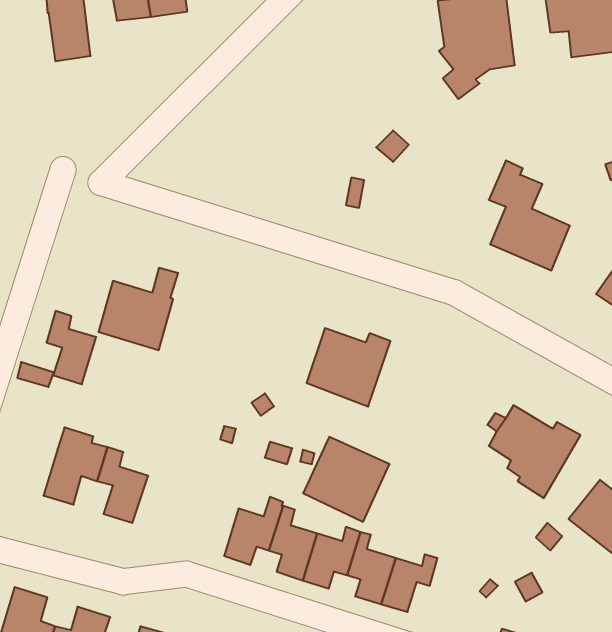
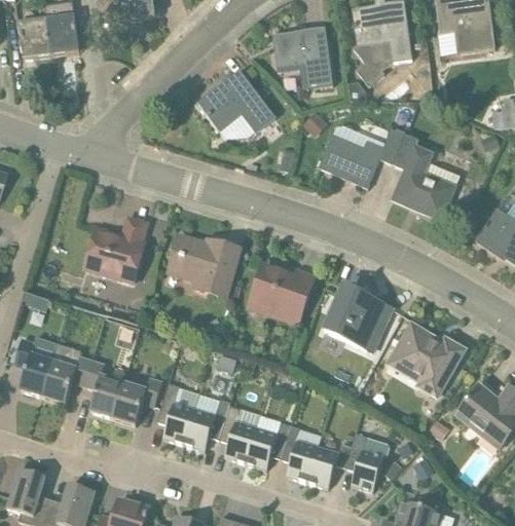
building: none -> [19,16,51,59]
building: none -> [272,27,333,87]
building: none -> [198,70,275,132]
building: none -> [319,127,405,187]
building: none -> [169,234,240,298]
building: [46,311,96,384] -> [14,338,53,396]
building: [303,437,390,522] -> [324,285,392,351]
building: none -> [112,375,162,424]
building: none -> [156,381,195,443]
building: none -> [345,431,384,490]

